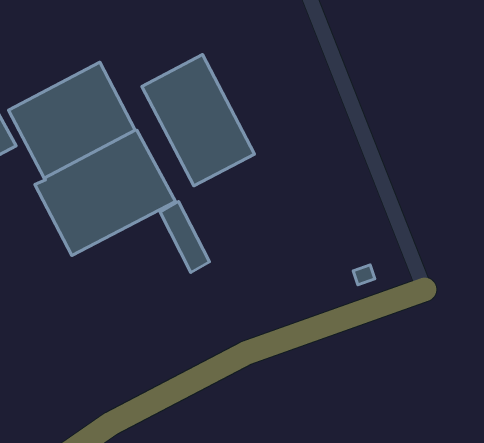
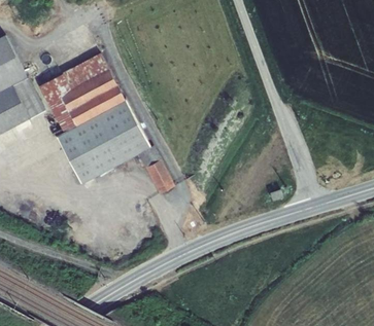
building: [142,55,254,186] -> none

